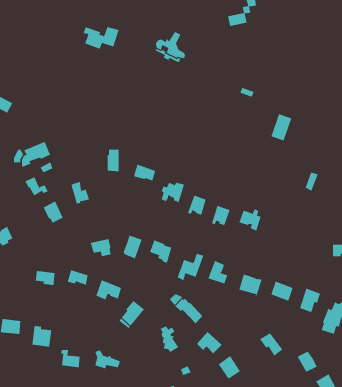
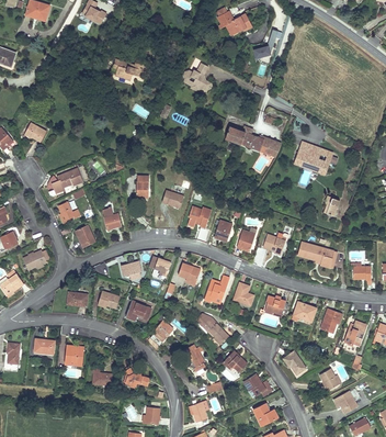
building: none -> [226,126,280,157]
building: none -> [307,146,333,175]
building: none -> [297,242,334,267]

